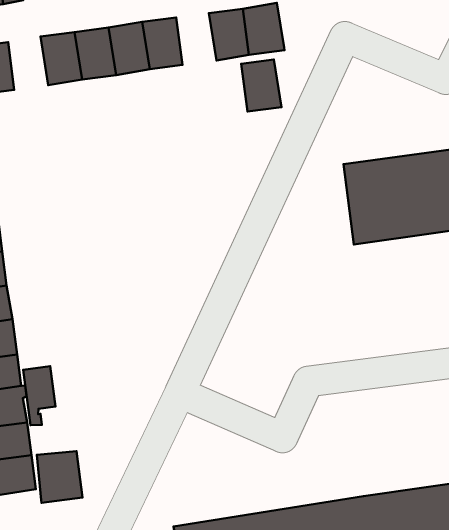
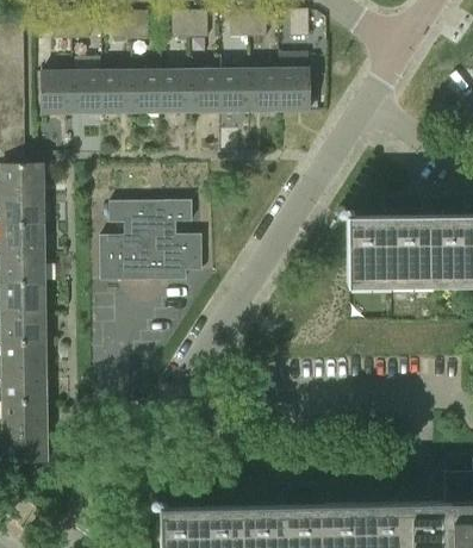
building: none -> [73,71,102,114]
building: [241,60,281,111] -> [220,70,250,112]
building: none -> [99,203,201,281]
building: [23,366,56,425] -> none
building: [37,451,83,503] -> none

